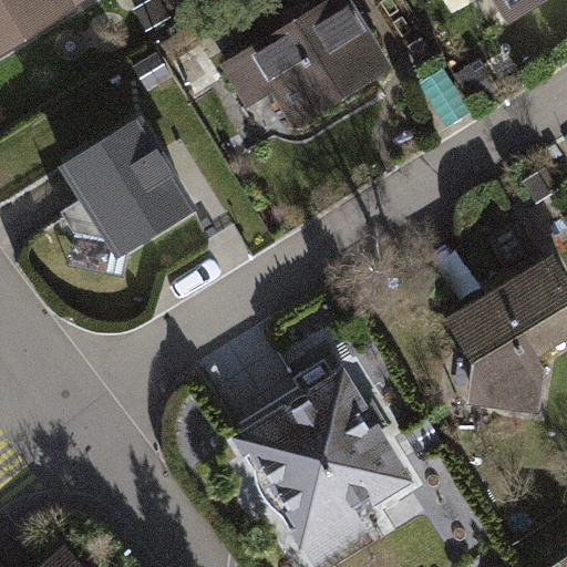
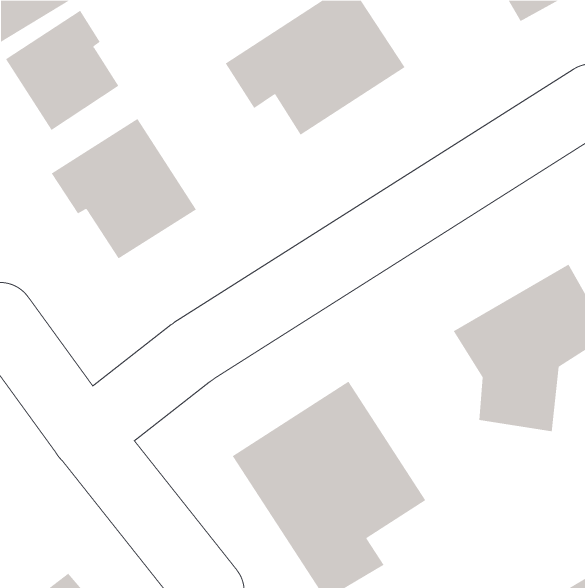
building: none -> [5,10,119,131]

